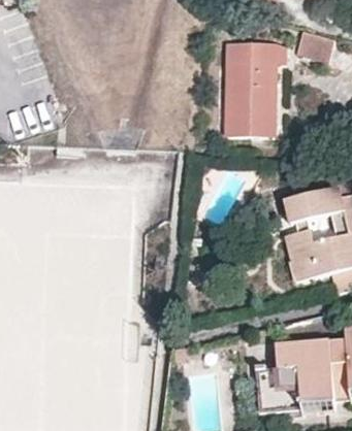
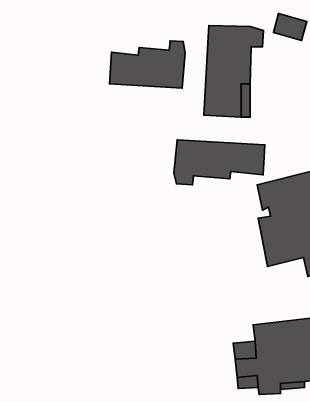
building: none -> [110,41,185,88]
building: none -> [174,140,265,185]

